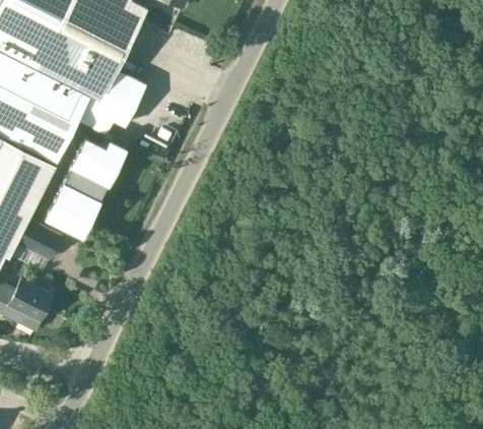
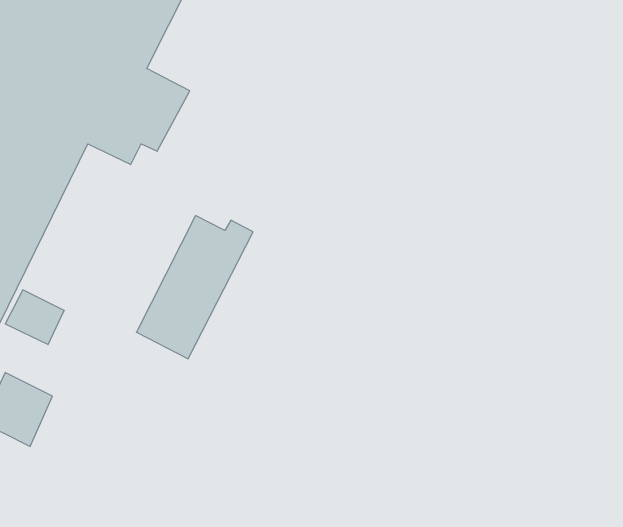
building: [45,137,125,236] -> [136,216,253,359]

